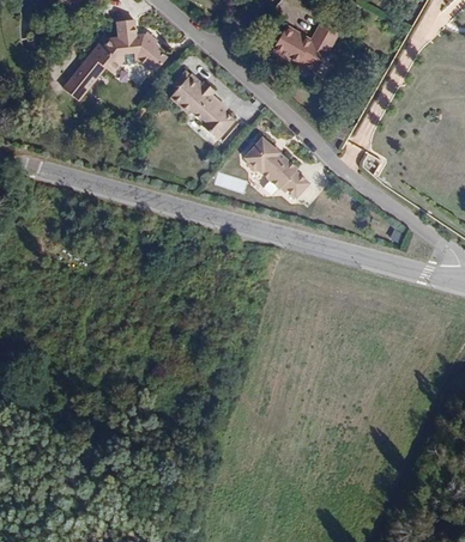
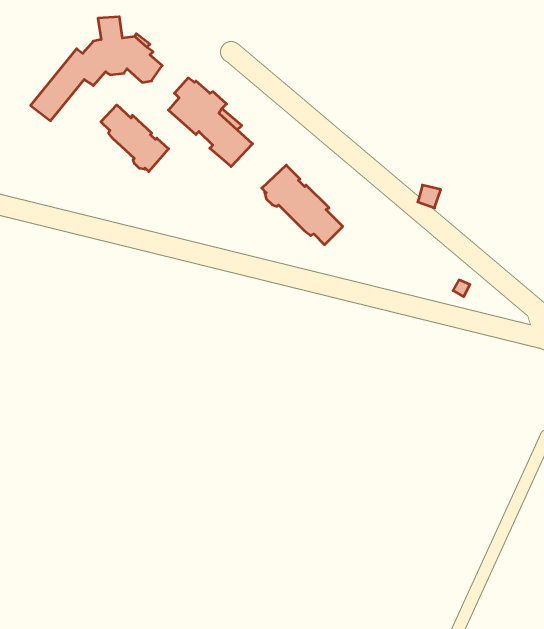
building: [272,19,339,68] -> none
building: none -> [101,105,169,172]

